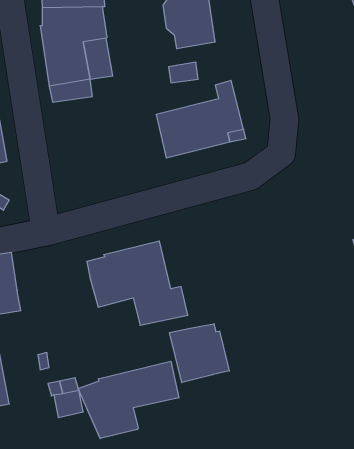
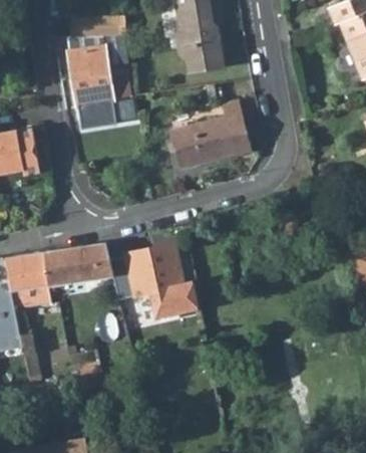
building: none -> [44,243,113,285]
building: [169,324,229,383] -> none
building: [78,361,179,439] -> none

